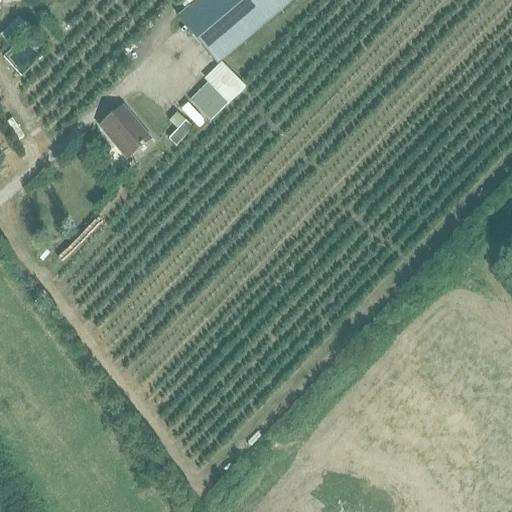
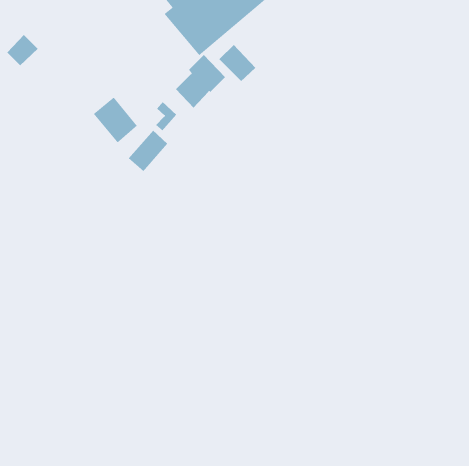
building: none -> [218,44,256,82]
building: none -> [128,130,168,172]

